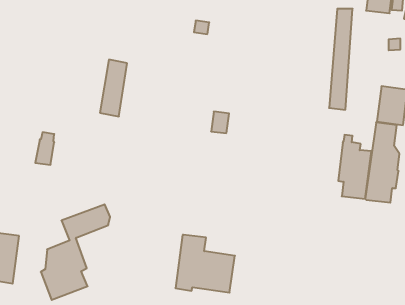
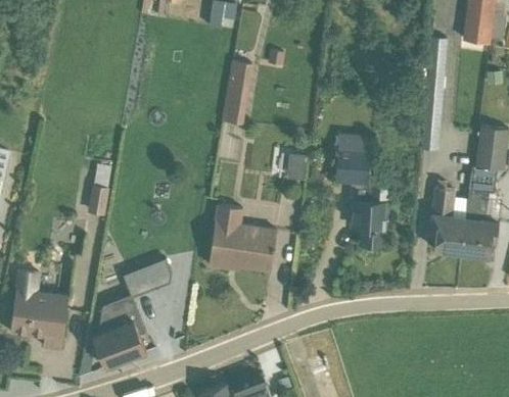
building: [100,60,127,116] -> [222,60,252,125]
building: none -> [334,134,389,247]
building: [175,235,235,293] -> [209,205,276,270]

